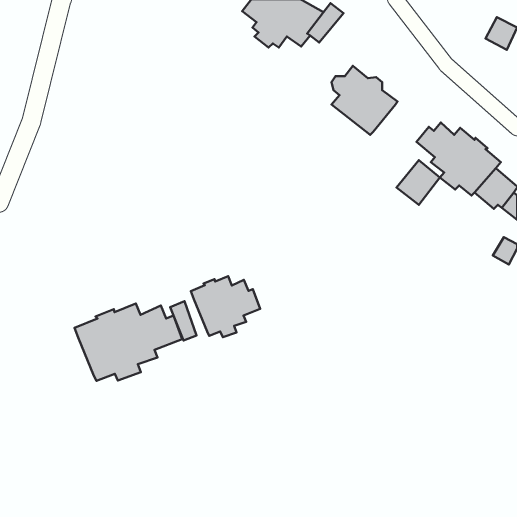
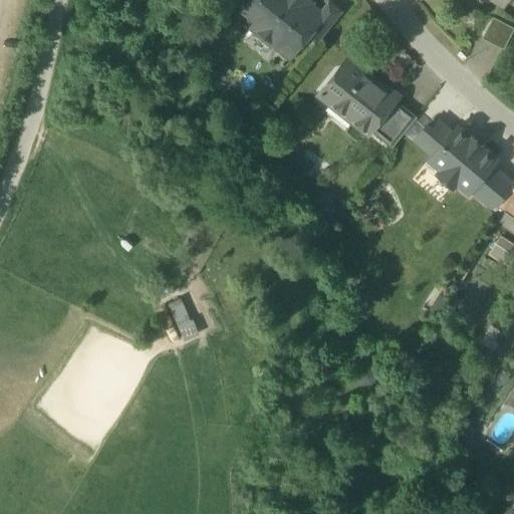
building: [396,160,440,205] -> [369,103,413,148]
building: [191,276,260,337] -> none
building: [74,304,182,381] -> none

